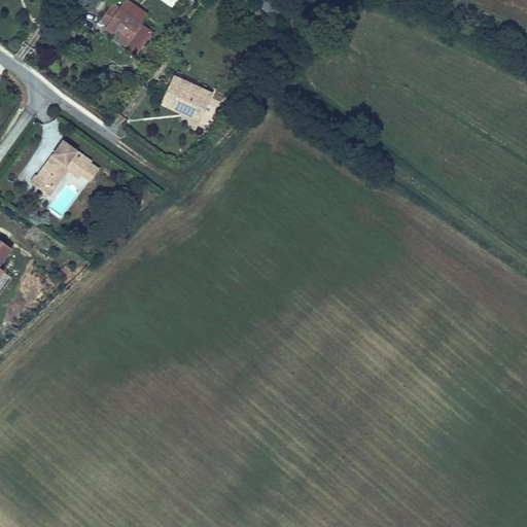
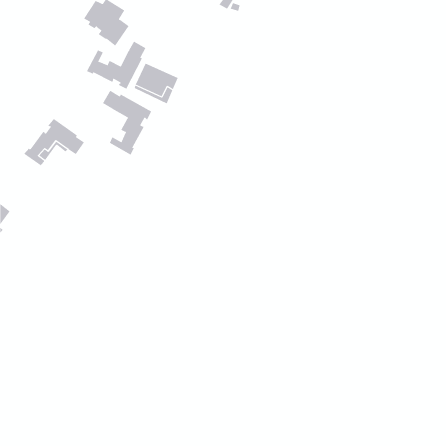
building: none -> [86,41,146,89]
building: none -> [102,90,152,155]

